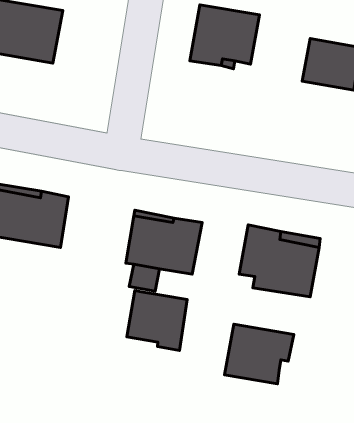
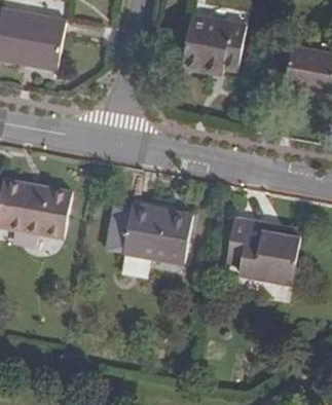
building: [127,291,187,351] -> none
building: [225,324,294,384] -> none

